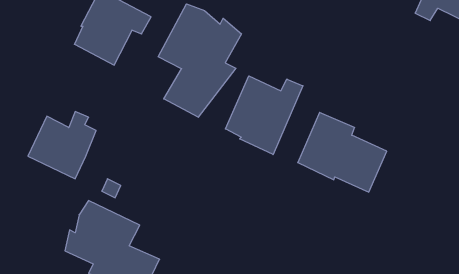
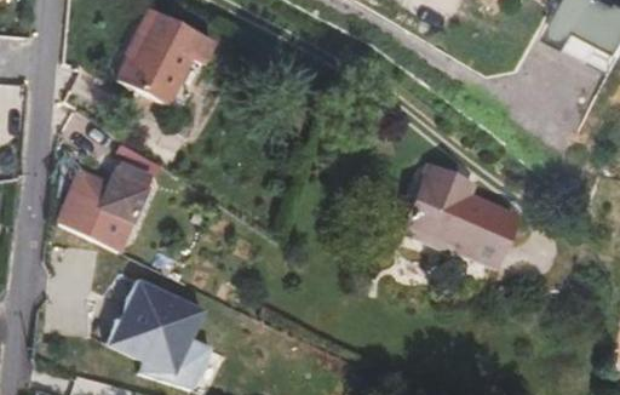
building: [158,4,241,117] -> none
building: [225,76,303,155] -> none

